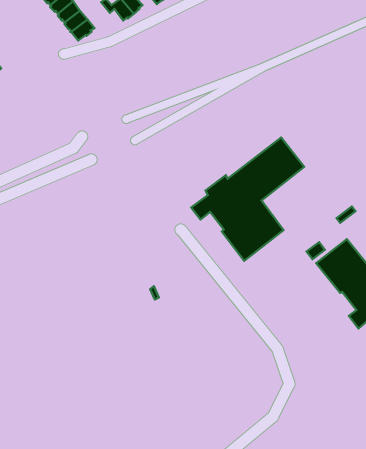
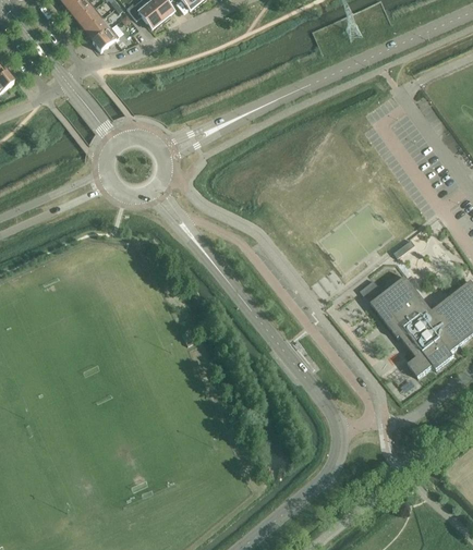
building: [191,137,304,261] -> none

